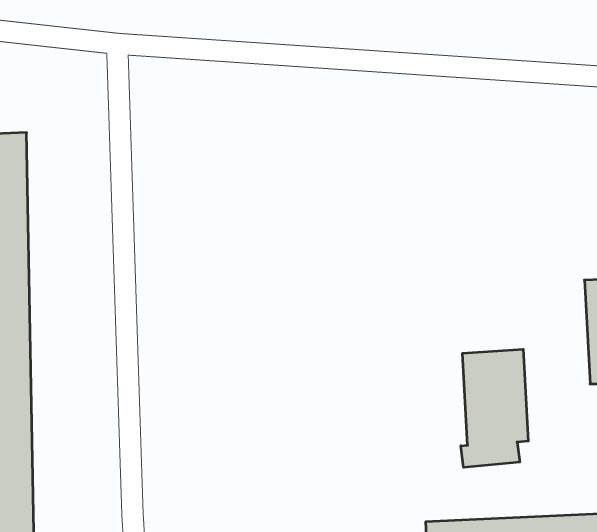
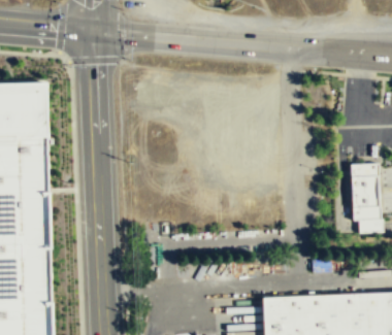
building: [461,349,528,467] -> none

